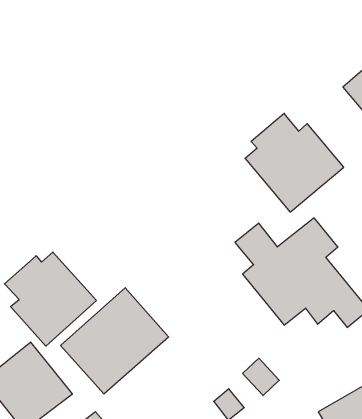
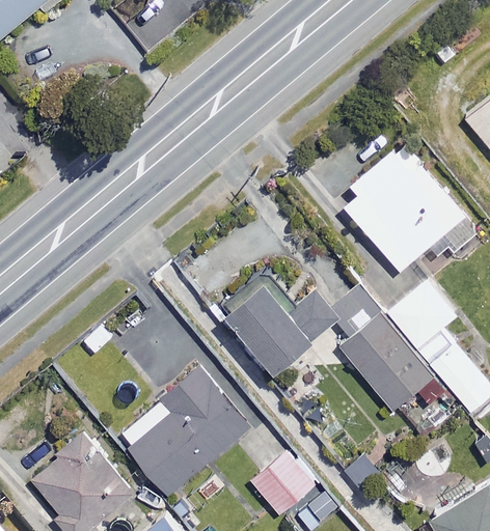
building: none -> [225,284,338,373]
building: [4,252,96,346] -> none
building: none -> [253,452,316,513]

